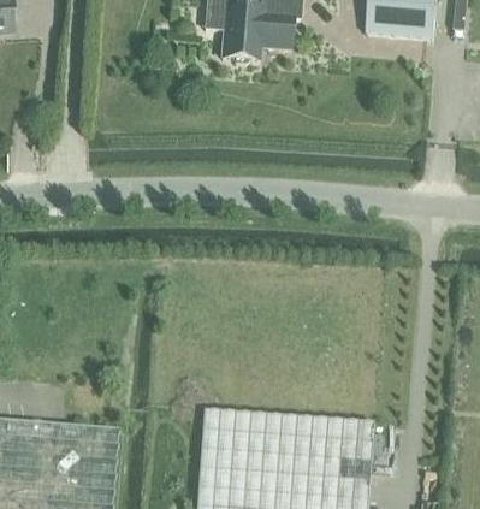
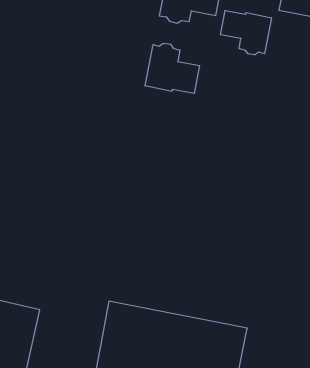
building: none -> [220,10,271,55]
building: none -> [145,43,200,93]

